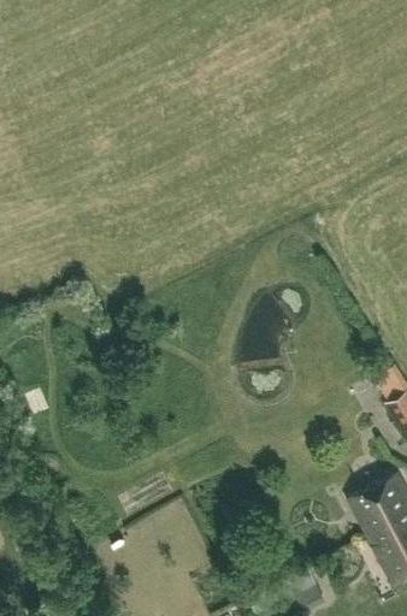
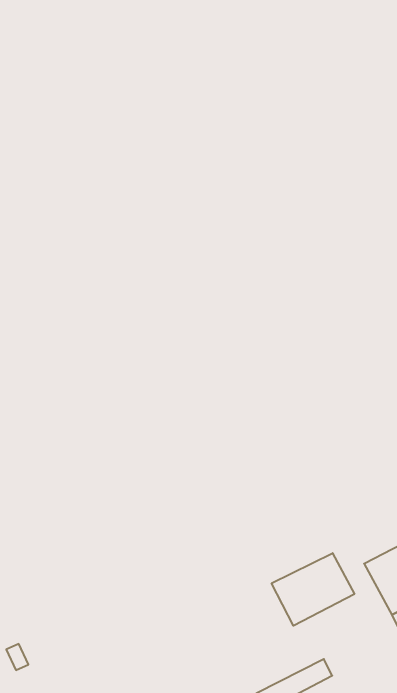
building: none -> [272,553,354,626]

